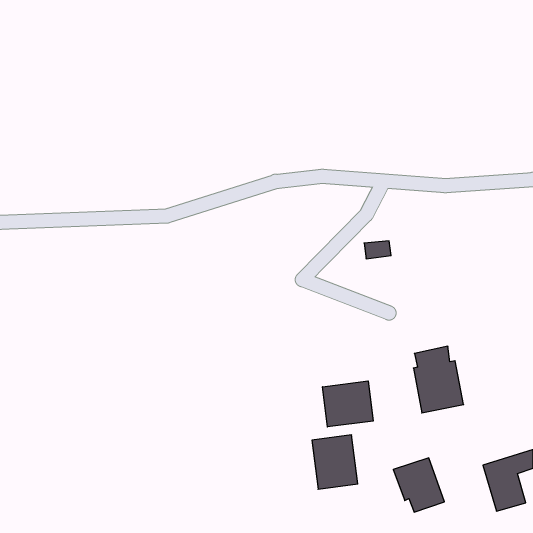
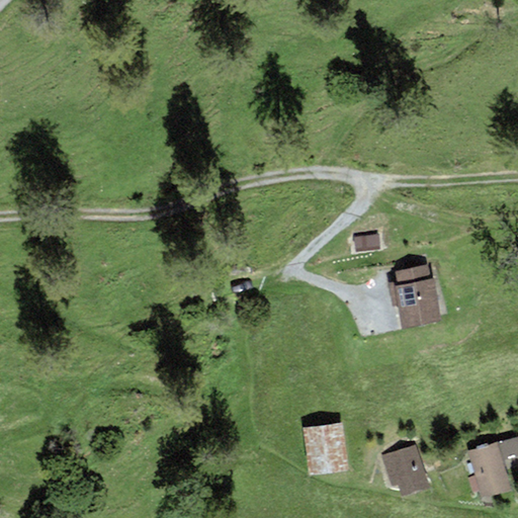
building: [413,346,464,413] -> [394,264,442,329]
building: [323,381,373,427] -> none

